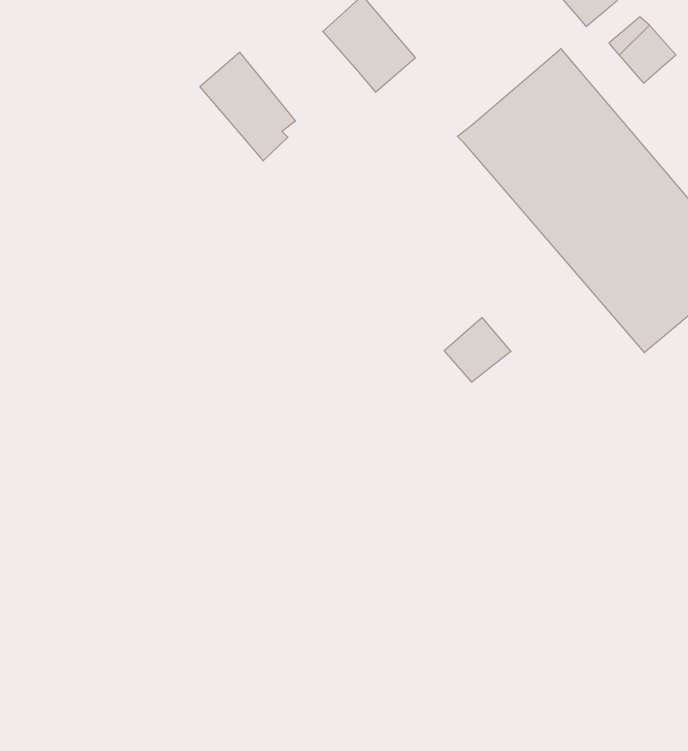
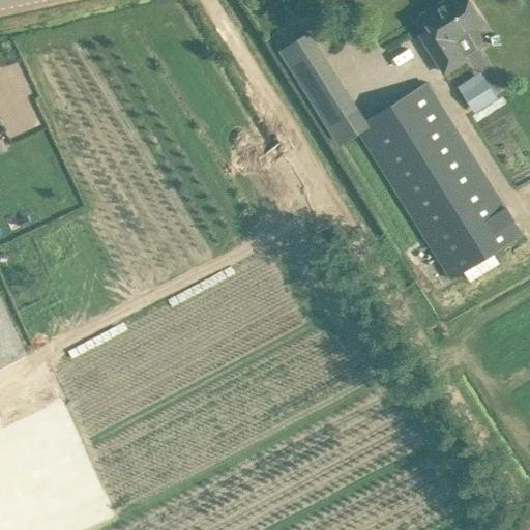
building: [200,52,295,161] -> [307,75,363,144]
building: [444,318,511,382] -> none

